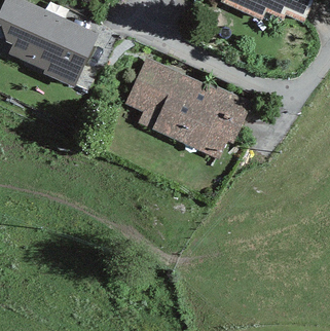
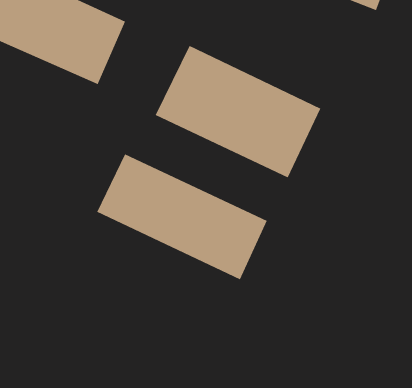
building: none -> [97,153,268,280]

